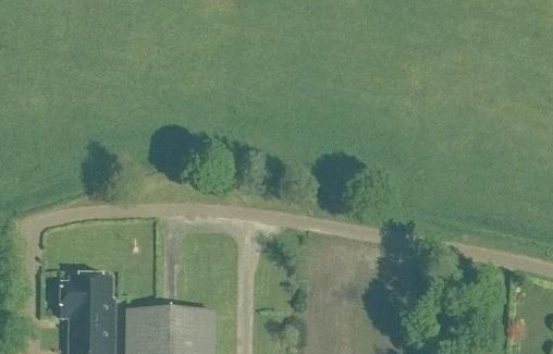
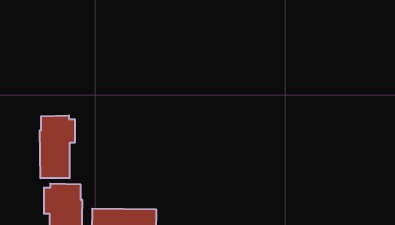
building: none -> [40,115,75,178]

